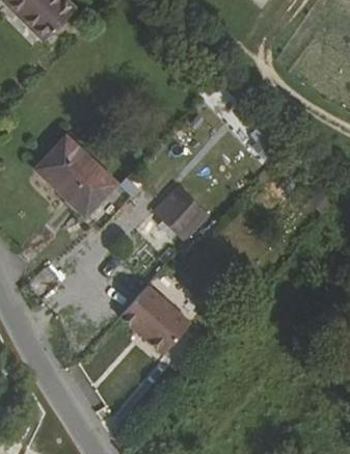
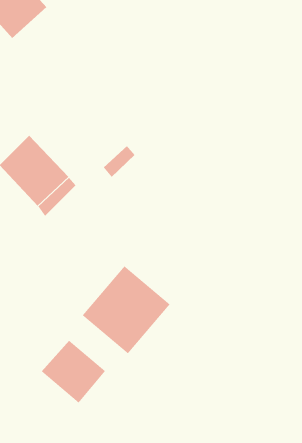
building: [154,182,212,240] -> none
building: none -> [41,340,106,403]

